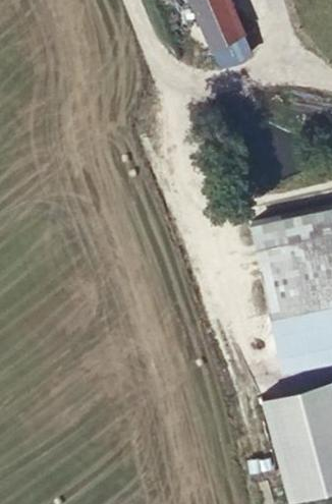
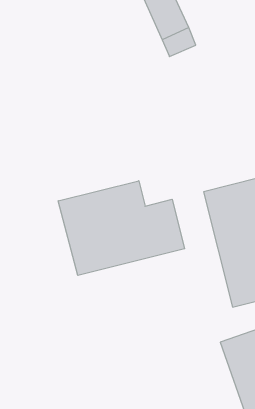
building: none -> [58,181,185,275]

